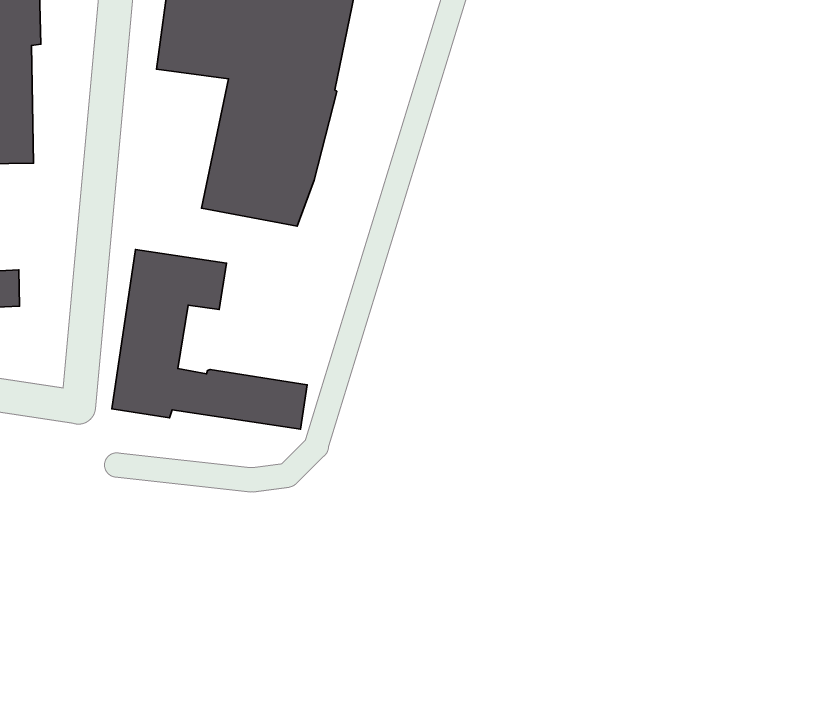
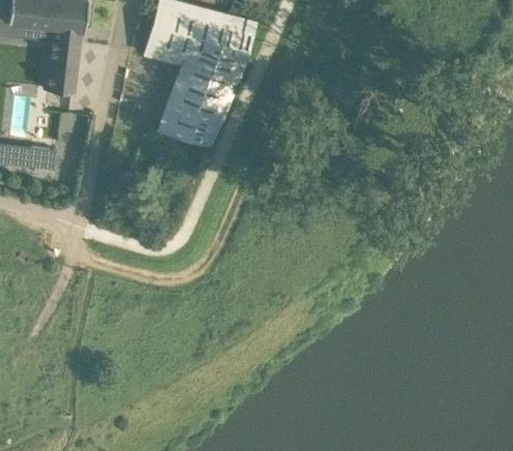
building: [112,249,307,429] -> none

